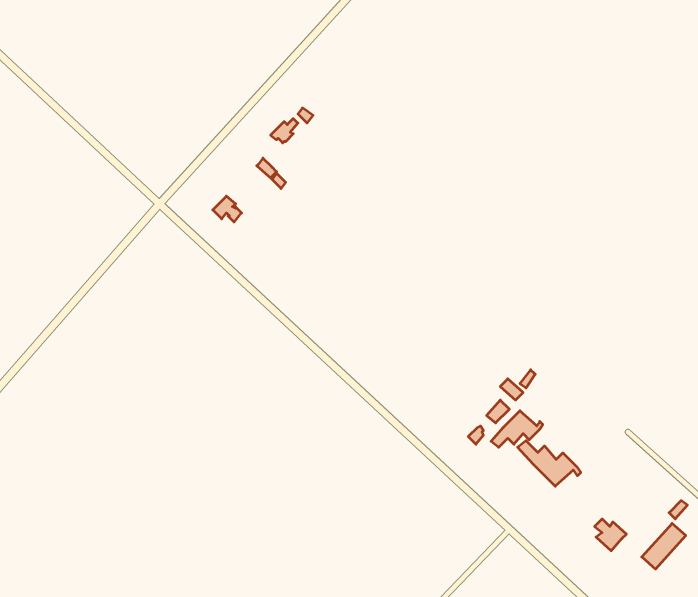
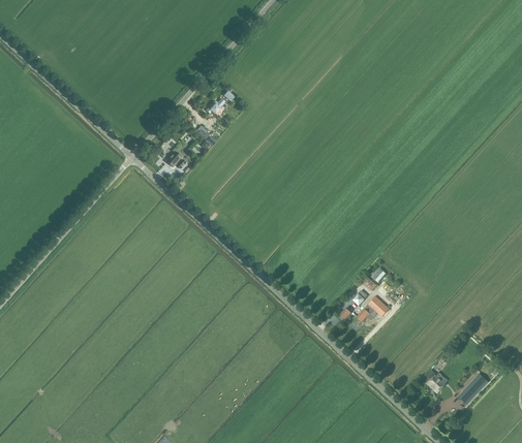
building: [518,441,581,486] -> none

